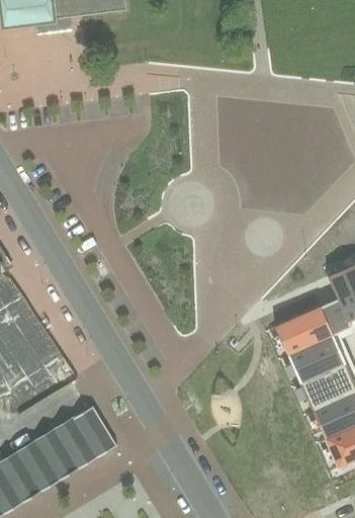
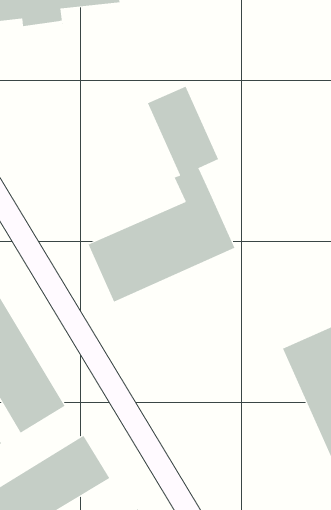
building: none -> [88,86,235,302]

